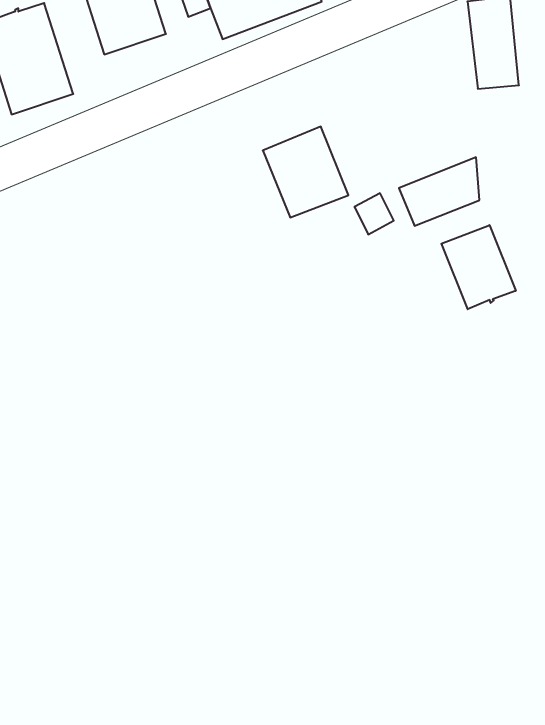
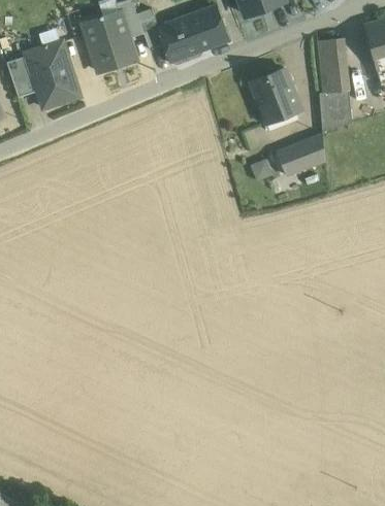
building: none -> [319,91,352,132]
building: [263,127,348,217] -> [250,68,301,123]
building: [441,225,516,309] -> none

